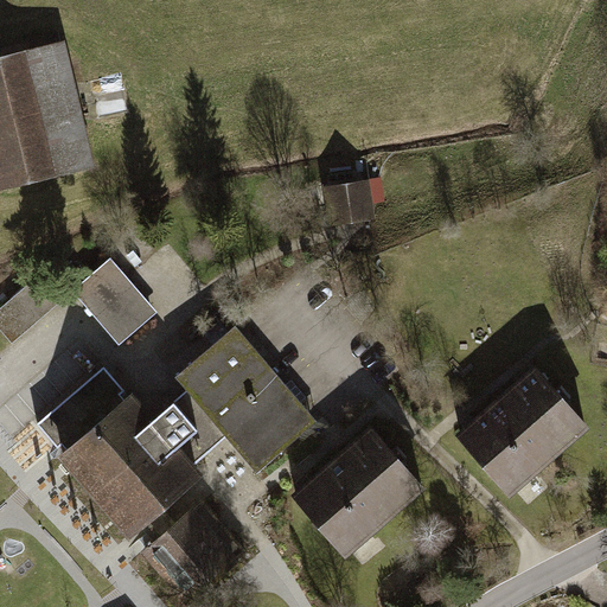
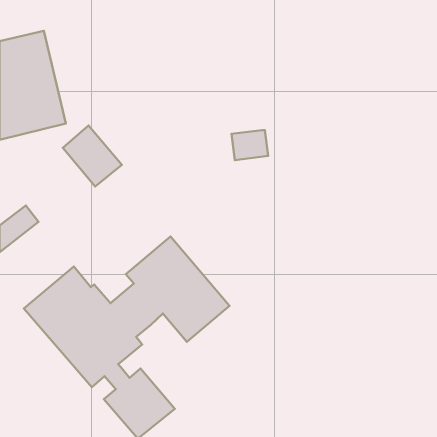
building: [72,257,154,341] -> [63,125,122,186]
building: [460,368,584,490] -> none
building: [294,429,421,551] -> none

